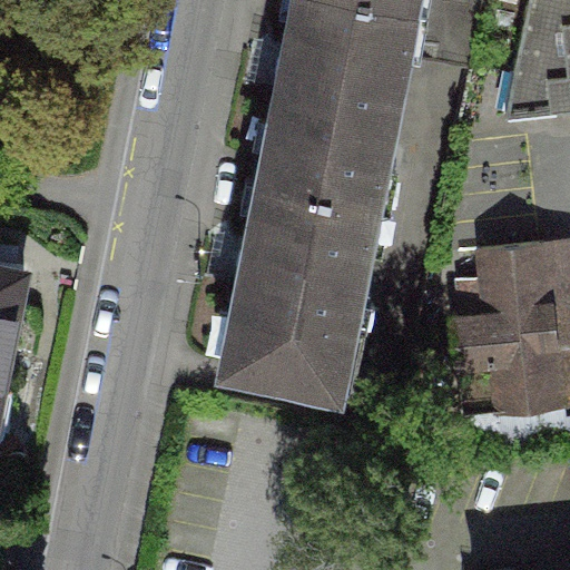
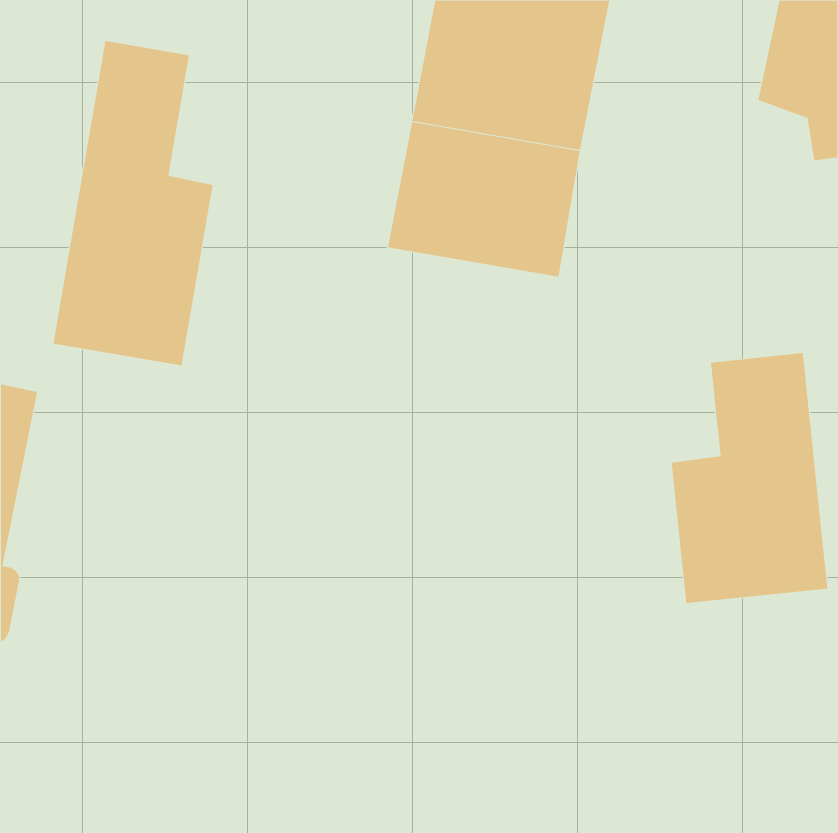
building: none -> [53,40,213,366]
building: [225,171,380,385] -> none

